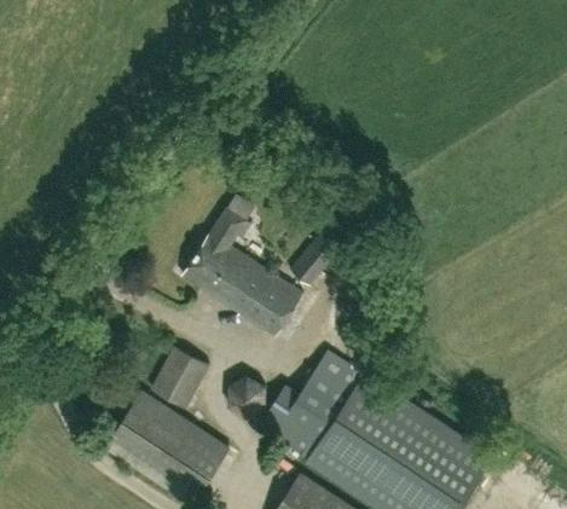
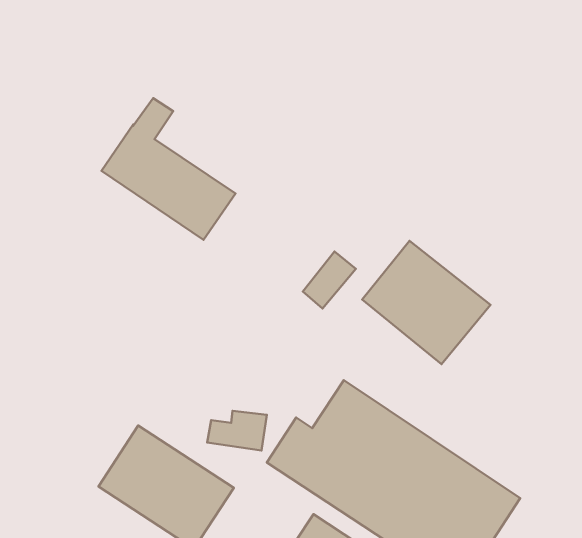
building: [181,207,303,336] -> [101,98,235,240]
building: none -> [362,241,490,364]
building: [151,346,208,407] -> none

